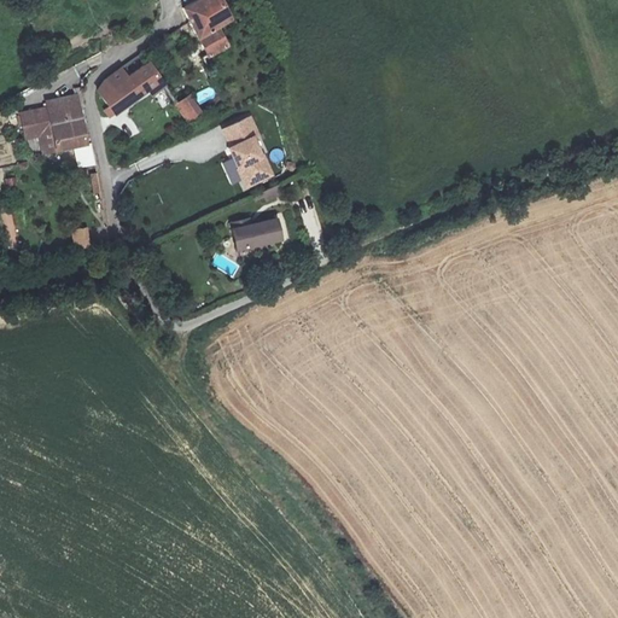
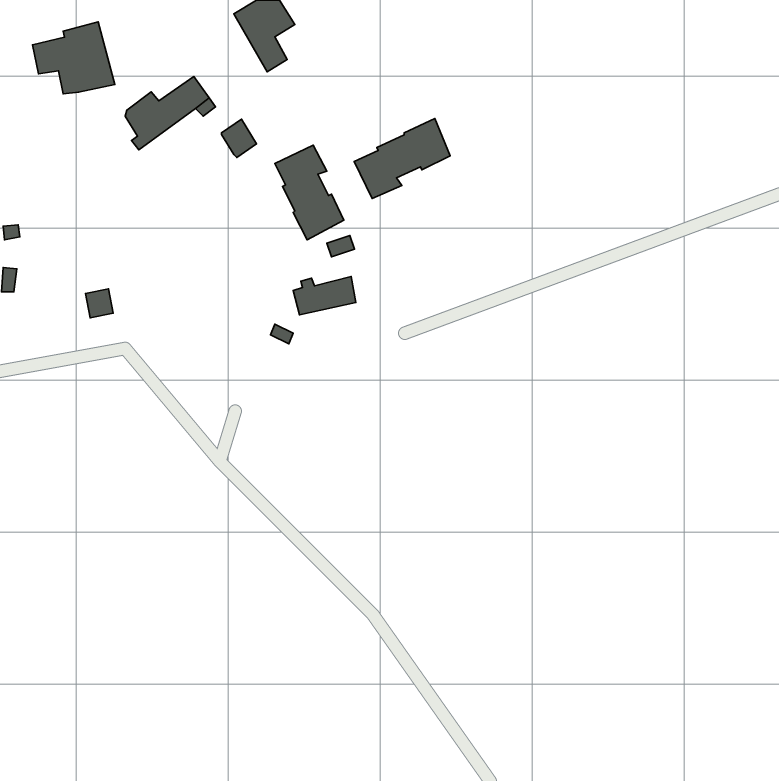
building: none -> [354,118,450,199]
building: [22,94,87,151] -> [33,22,115,94]

